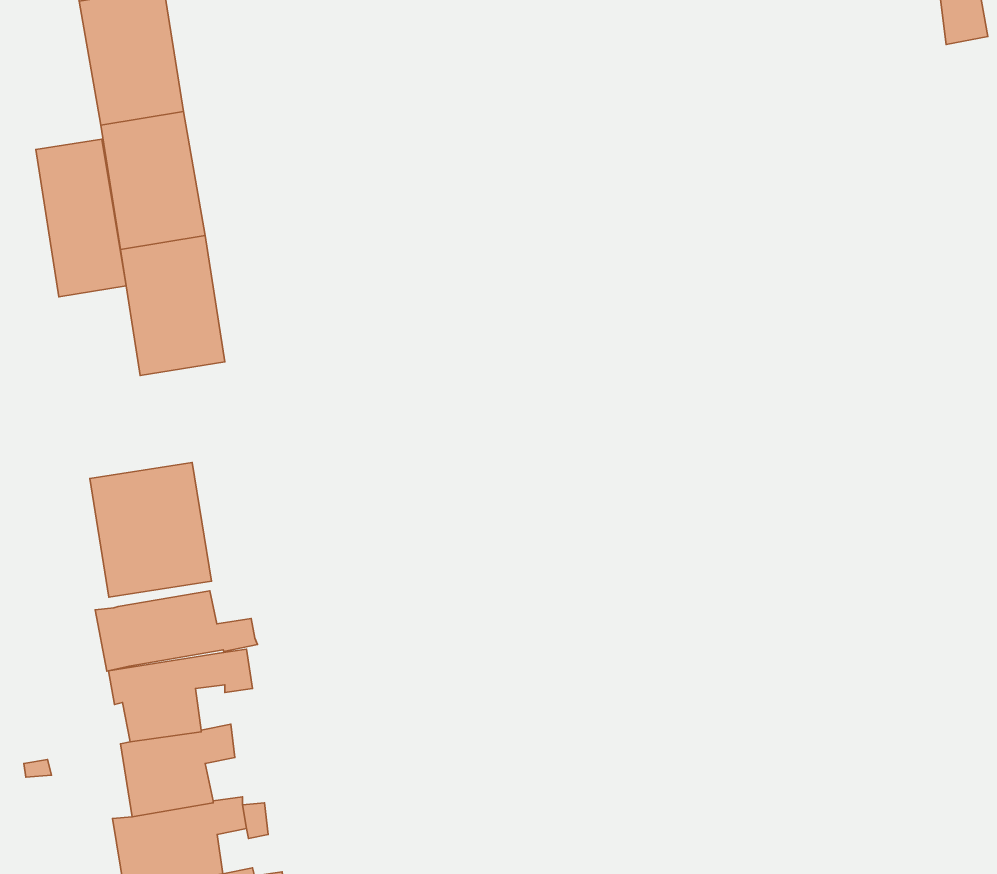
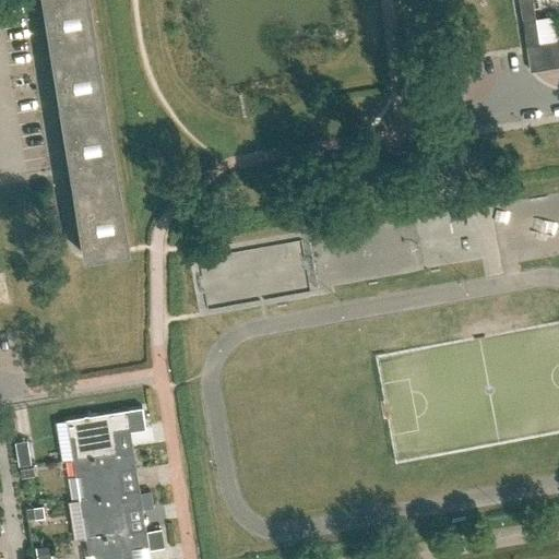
building: [36,139,126,297] -> none
building: [90,462,211,597] -> none
building: [95,591,258,671] -> none

